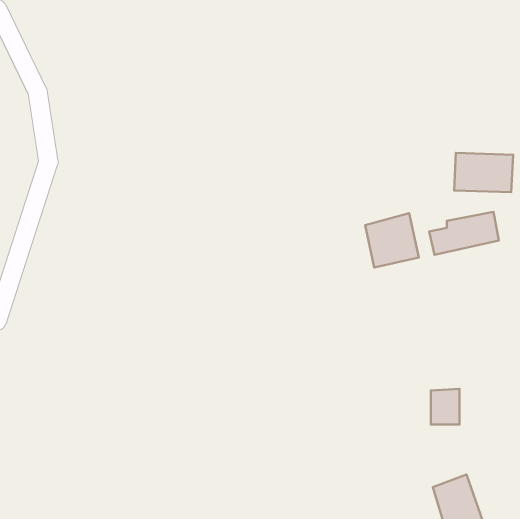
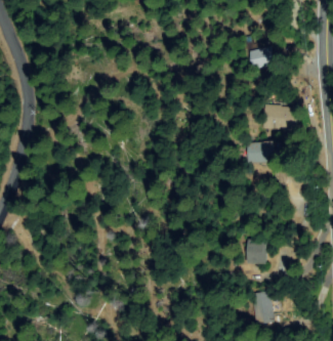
building: none -> [247,46,274,70]
building: [365,213,419,268] -> none

